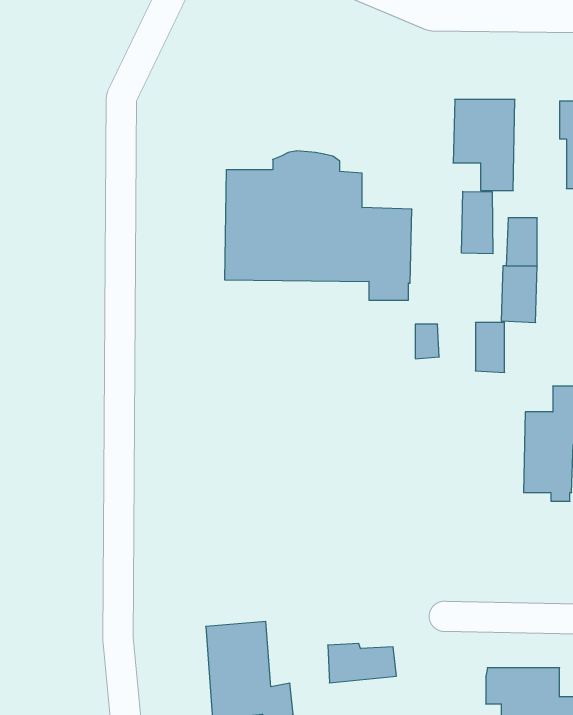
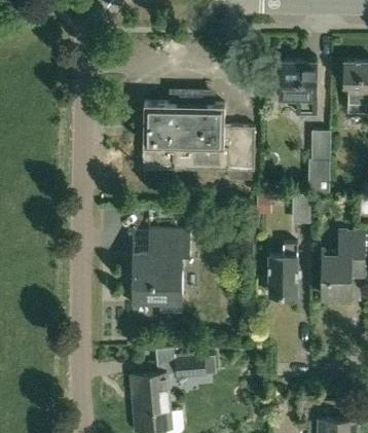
building: [462,191,493,254] -> none
building: none -> [132,229,191,315]
building: none -> [268,243,298,296]
building: [328,643,396,683] -> [175,355,216,378]

